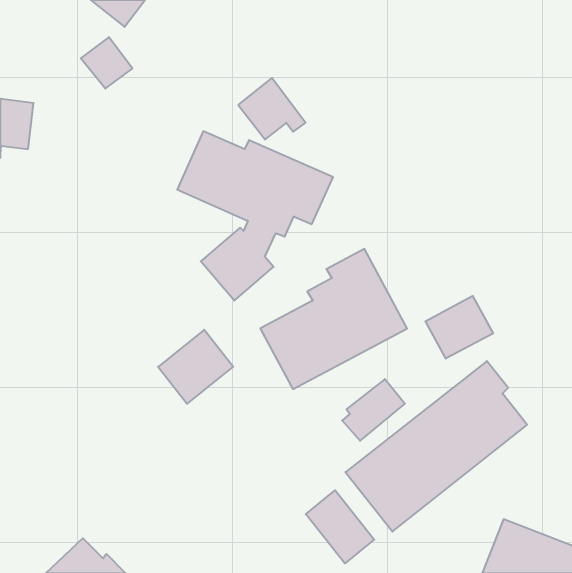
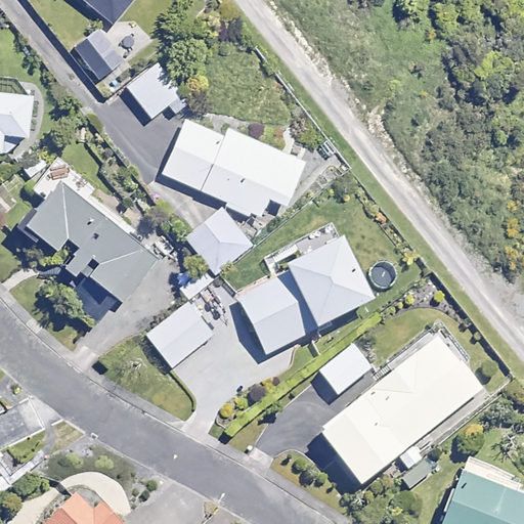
building: [238,78,306,140] -> [127,62,188,119]
building: none -> [24,158,159,331]
building: [425,296,493,359] -> none
building: [306,490,374,563] -> none

